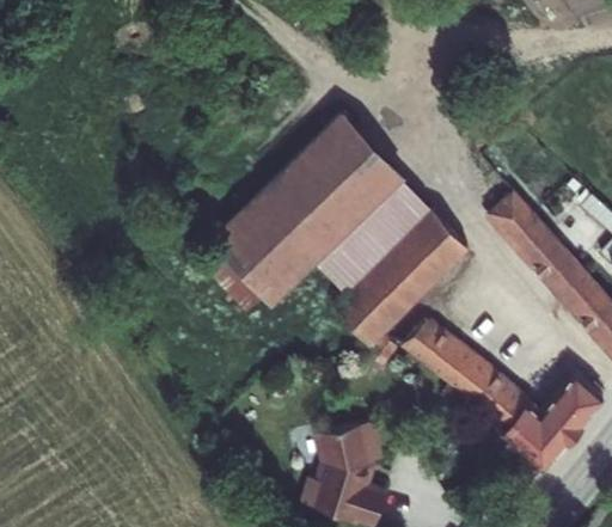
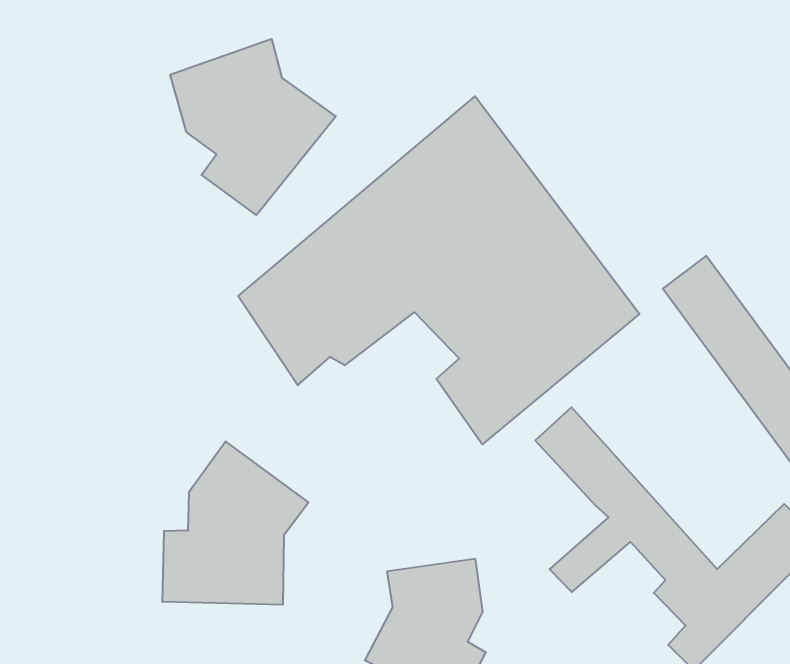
building: none -> [170,39,336,215]
building: none -> [162,441,308,605]

